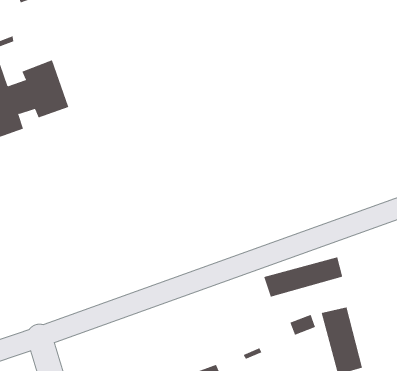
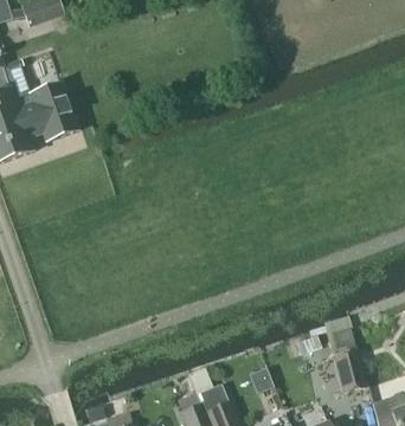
building: [263,257,343,297] -> none

